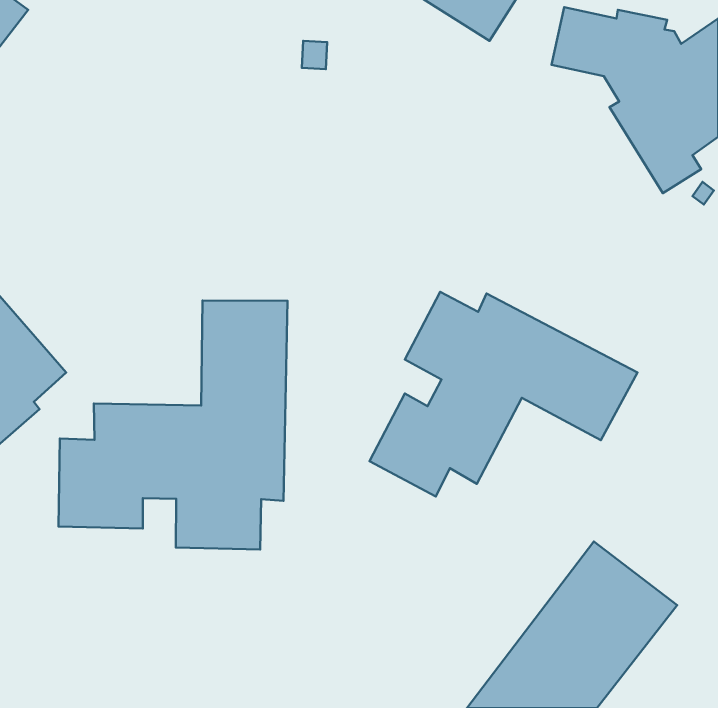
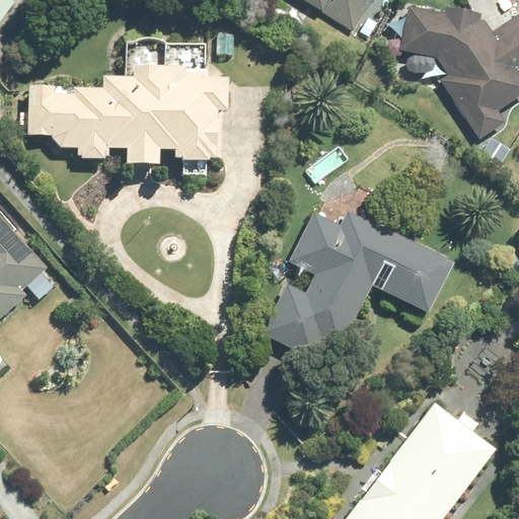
building: none -> [20,69,234,168]
building: [59,301,287,549] -> none

